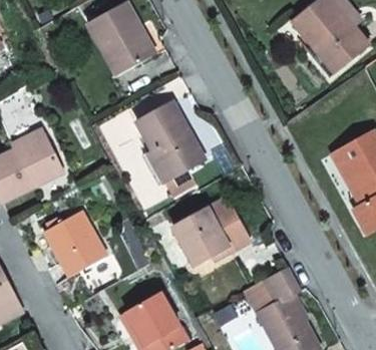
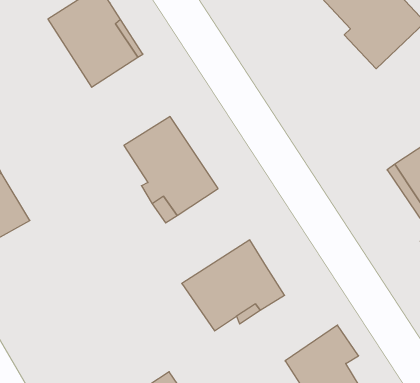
building: [43,210,106,277] -> none

